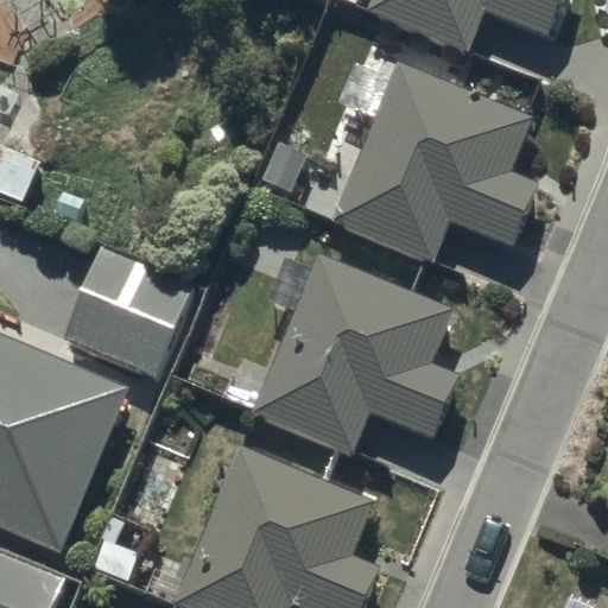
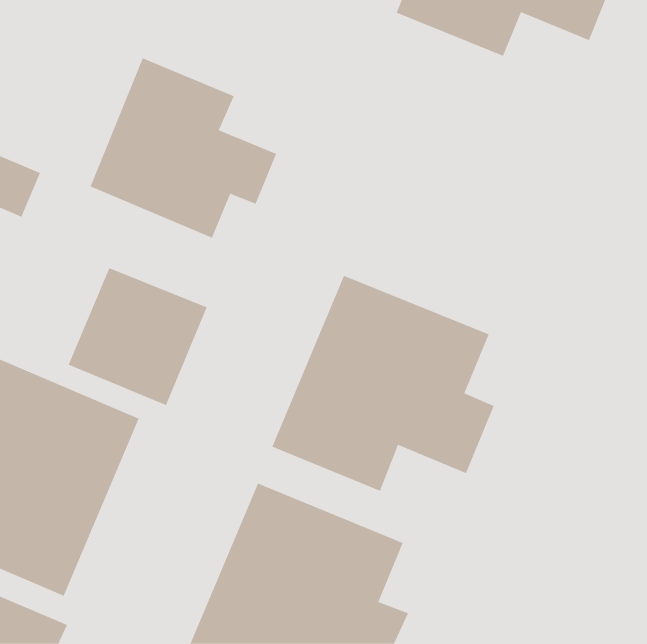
building: none -> [90,58,277,239]
building: [331,63,537,264] -> none

